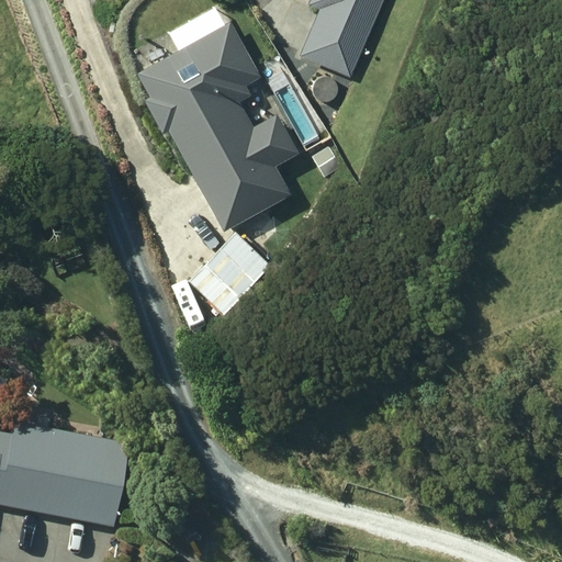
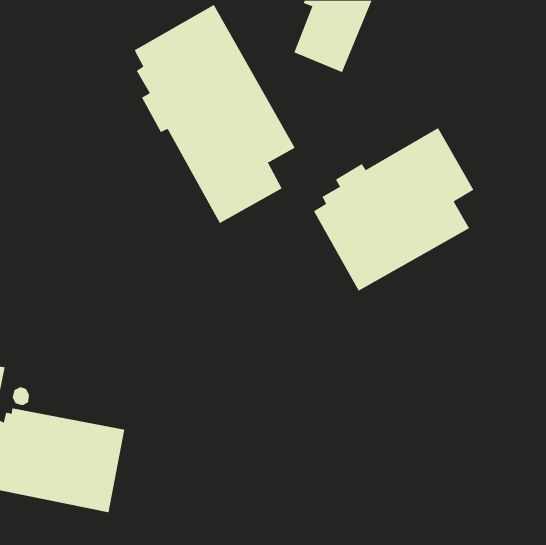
building: none -> [313,127,474,291]
building: [190,234,270,315] -> none

